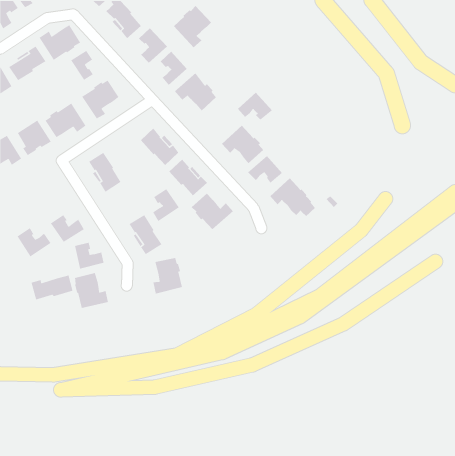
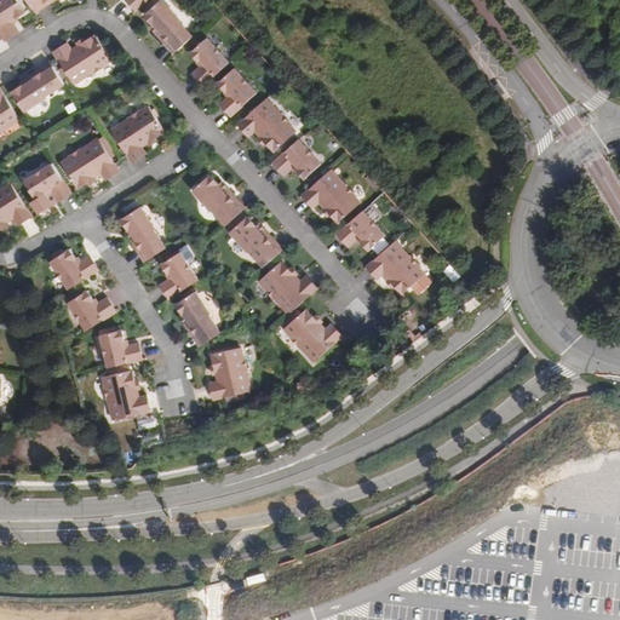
building: [173,5,212,48] -> none
building: [70,50,94,81] -> none
building: [237,92,273,120] -> [271,139,320,178]
building: [152,188,180,222] -> [159,253,196,299]
building: [17,227,51,258] -> [50,247,97,288]
building: none -> [282,309,340,361]
building: [30,274,73,301] -> none

